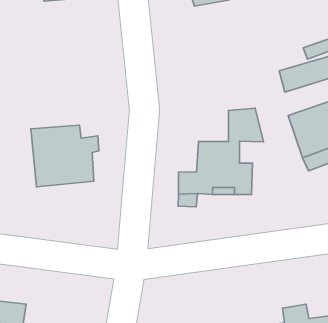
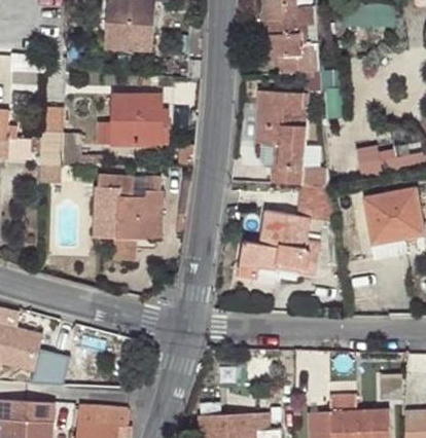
building: none -> [256,92,330,185]
building: none -> [97,96,161,146]

